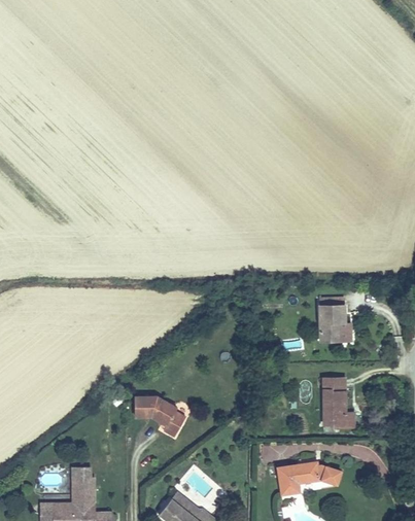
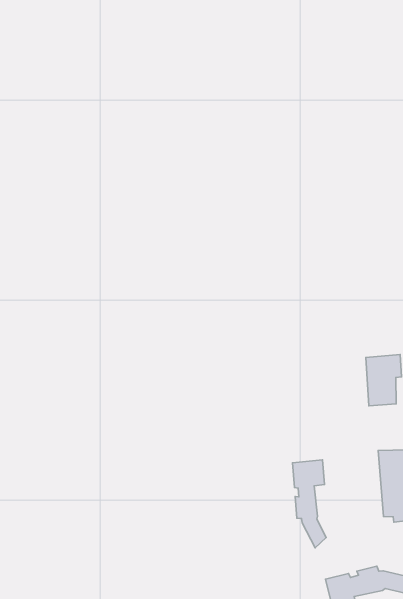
building: none -> [292,460,326,548]
building: [144,400,186,437] -> none

